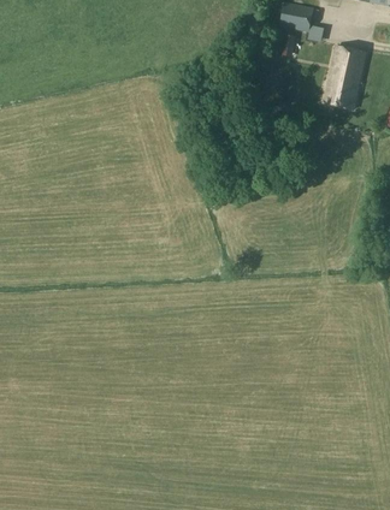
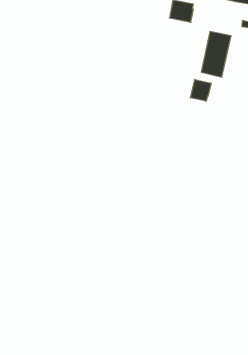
building: none -> [191,79,211,101]

